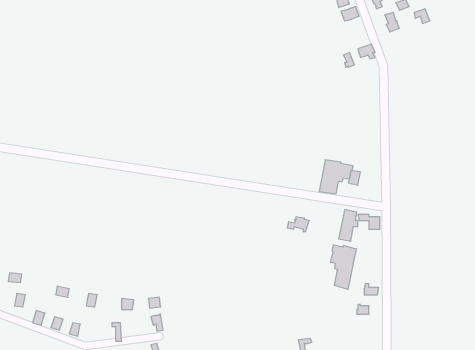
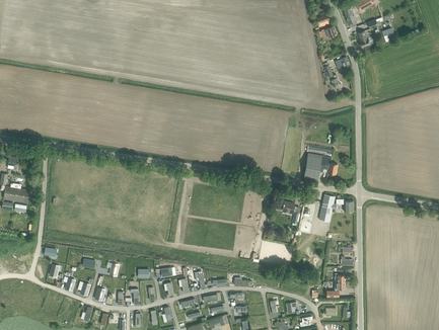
building: [331,245,356,289] -> none

